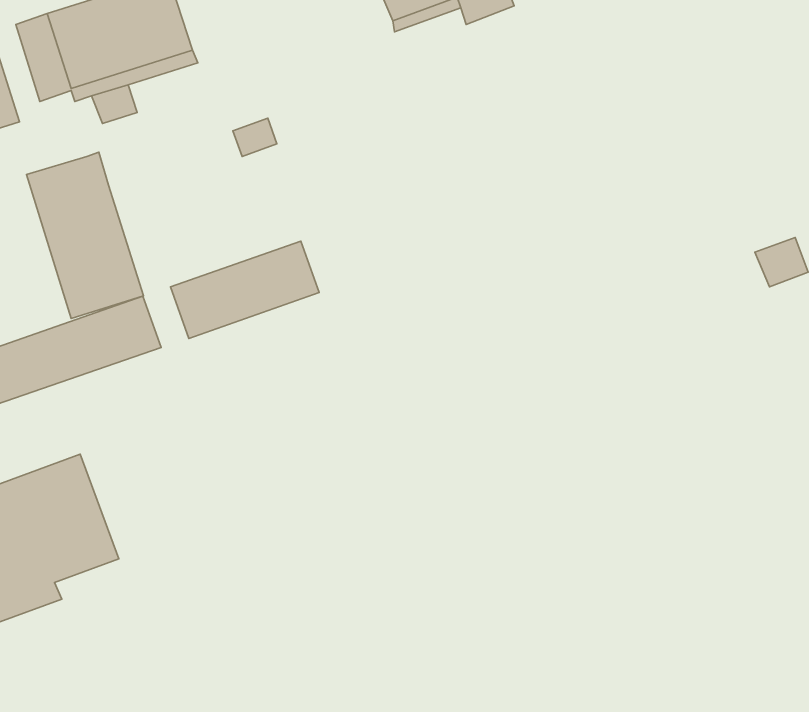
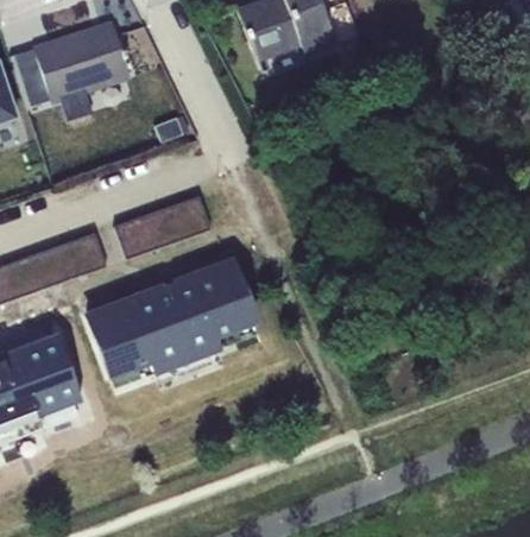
building: [26,152,143,318] -> none
building: none -> [87,260,254,375]

